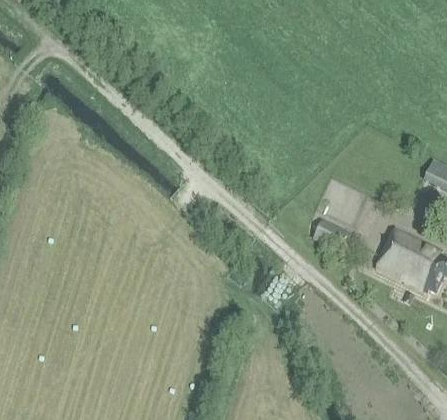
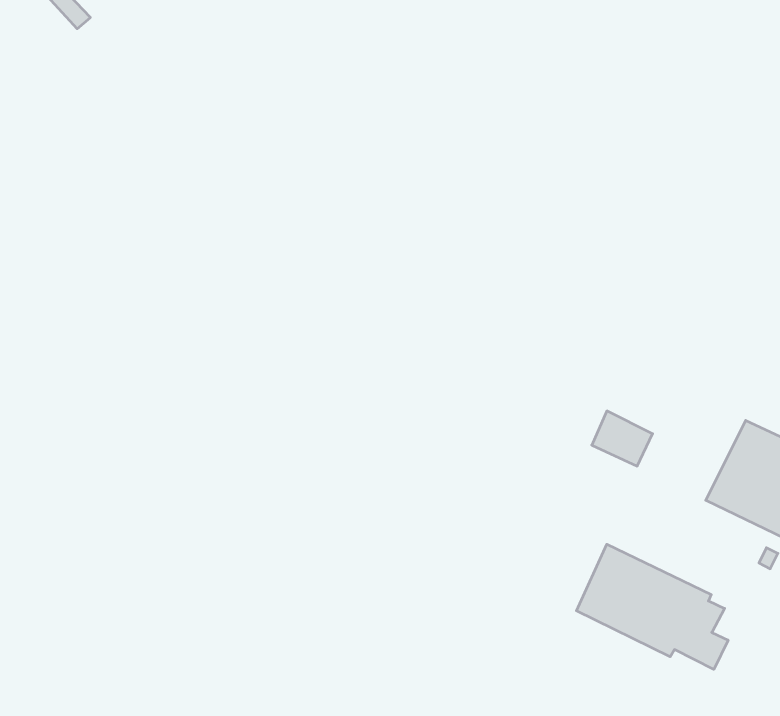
building: none -> [576,544,728,669]

